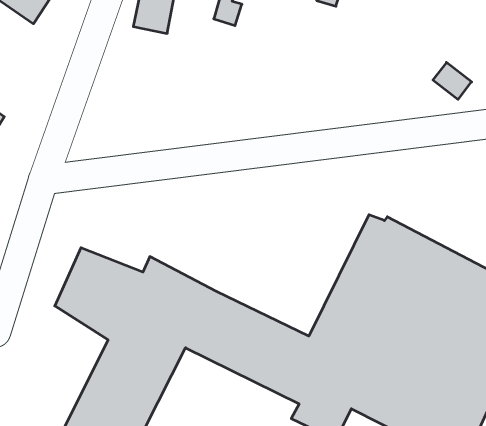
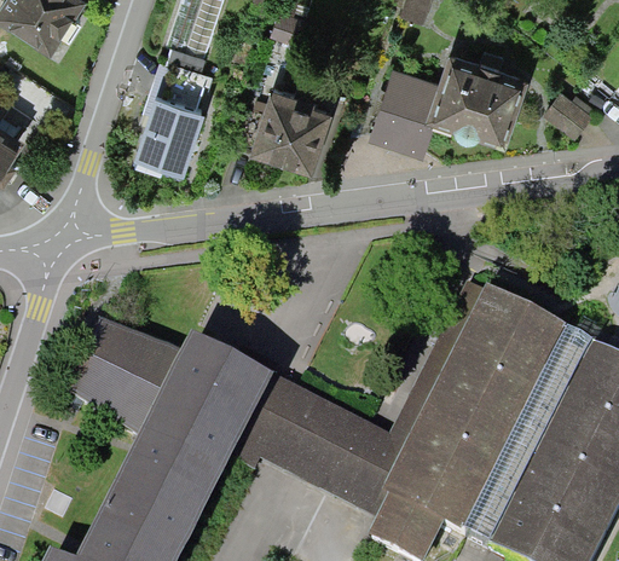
building: none -> [370,40,530,150]
building: none -> [132,54,216,174]
building: none -> [254,83,330,161]

